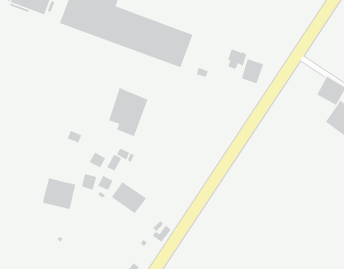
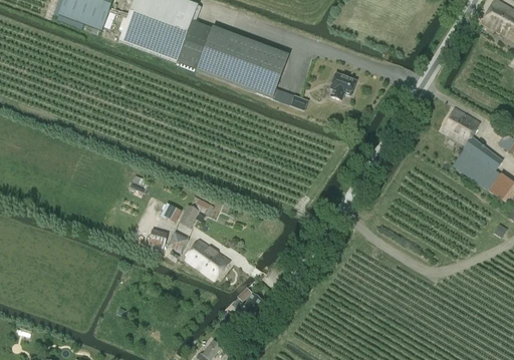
building: [241,58,264,84] -> none
building: [108,87,148,137] -> none
building: [42,177,76,210] -> none

